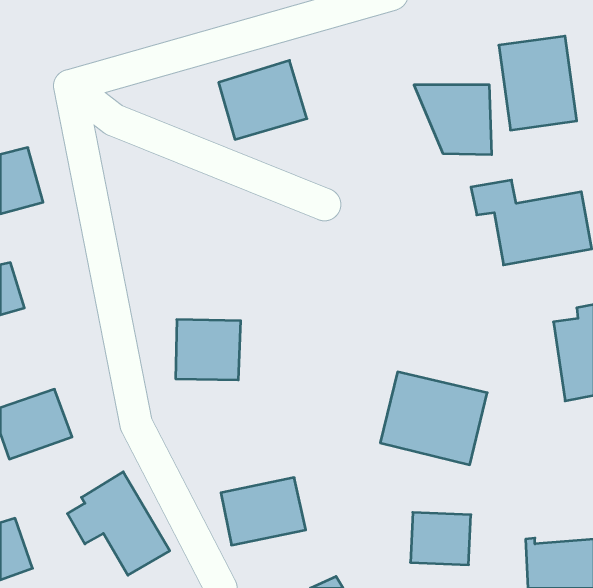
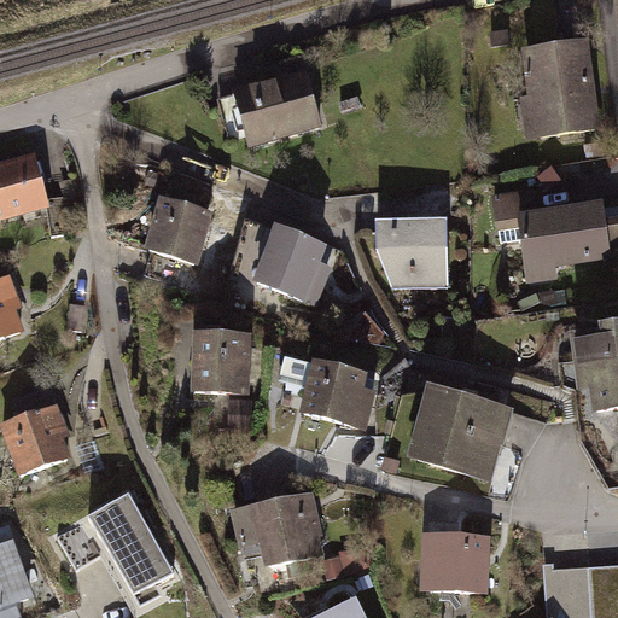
building: [414,85,492,155] -> [367,217,448,290]
building: none -> [152,198,220,257]
building: none -> [251,227,345,302]
building: none -> [296,366,373,427]

